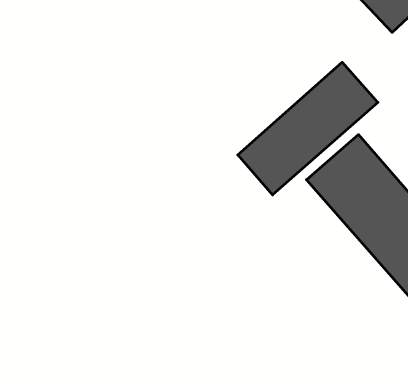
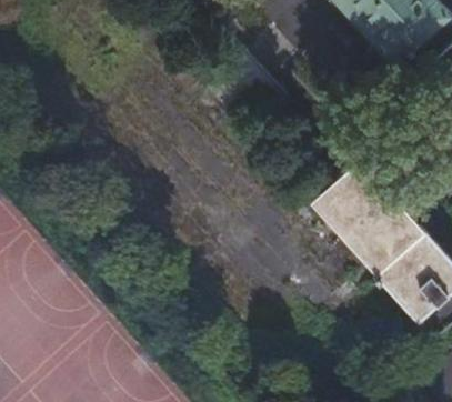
building: [238,62,378,195] -> none

